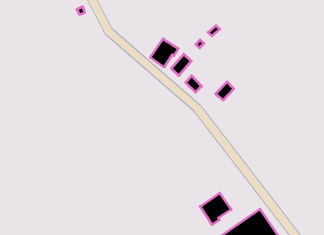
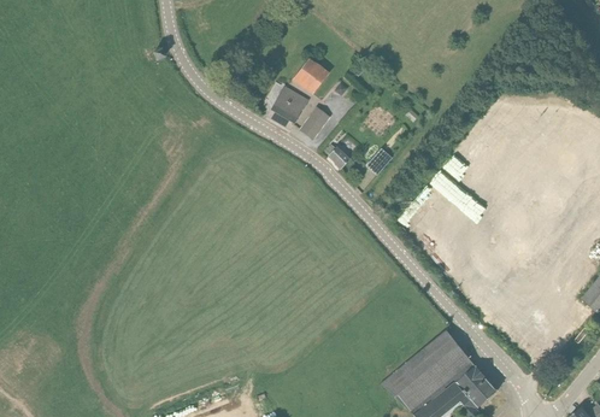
building: none -> [290,58,327,94]
building: [200,193,231,225] -> none

